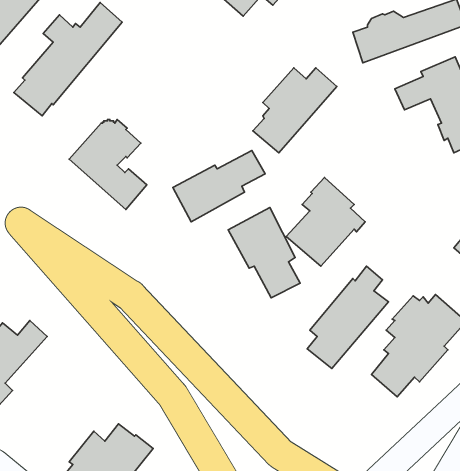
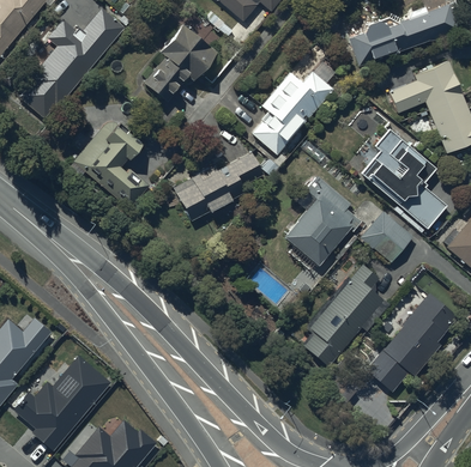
building: none -> [143,26,217,102]
building: none -> [361,129,447,229]
building: [228,208,300,298] -> none
building: none -> [361,212,412,262]
building: none -> [11,358,107,449]

